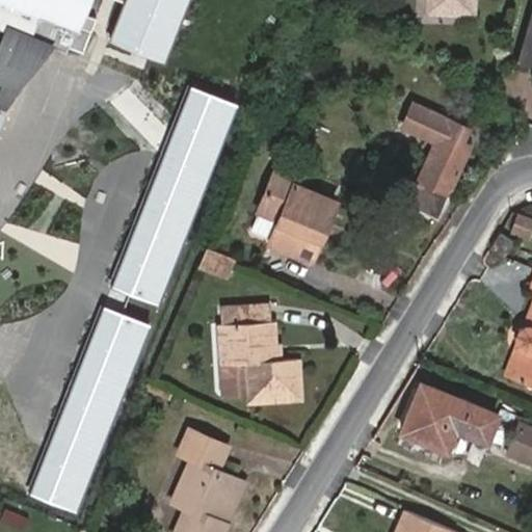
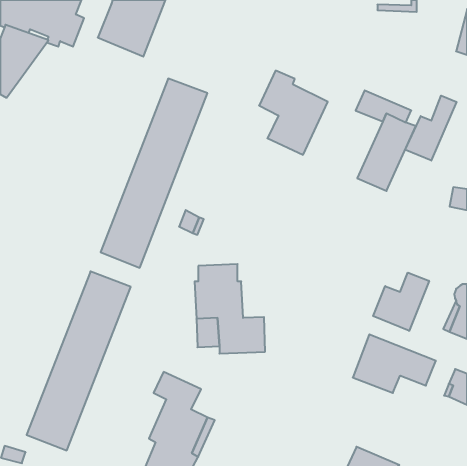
building: none -> [405,96,457,161]
building: [264,166,342,262] -> [259,71,328,155]
building: none -> [373,273,429,331]

